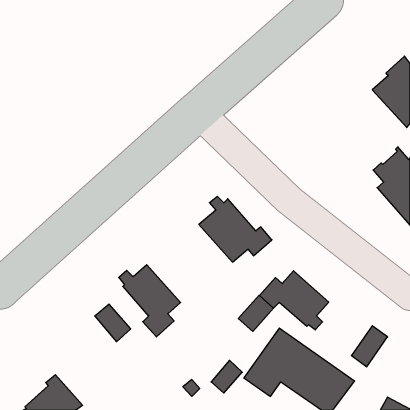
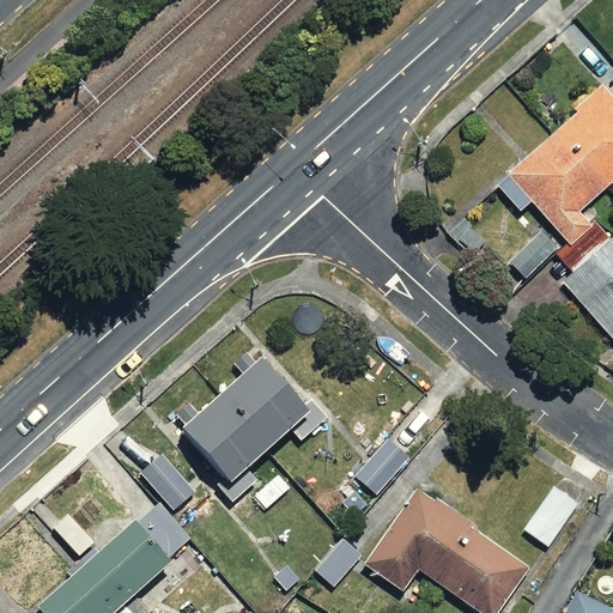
building: none -> [498,134,607,245]
building: [199,196,272,262] -> [219,353,328,451]
building: [259,271,329,330] -> none
building: none -> [83,503,192,605]

